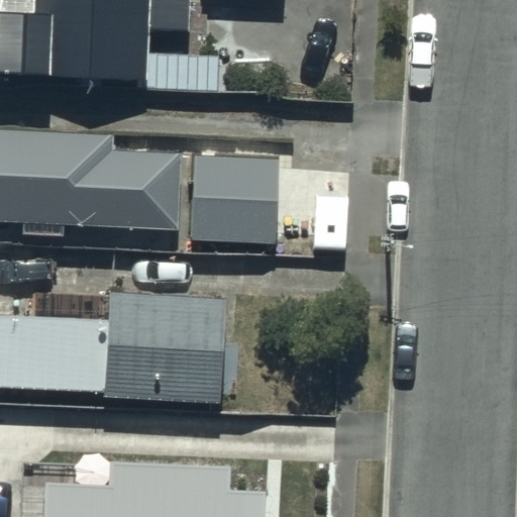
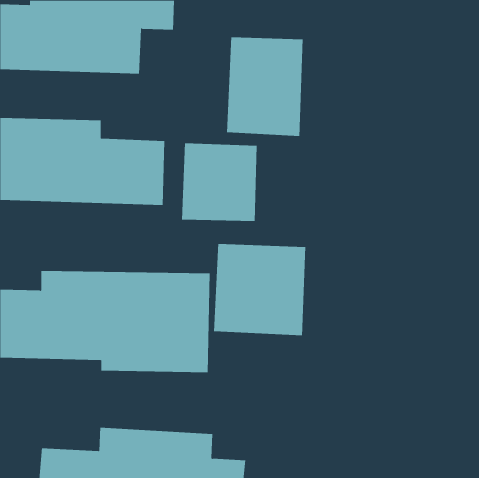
building: none -> [226,36,303,137]
building: none -> [213,243,306,336]

